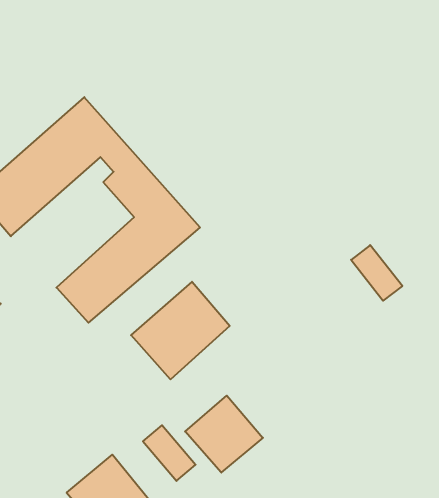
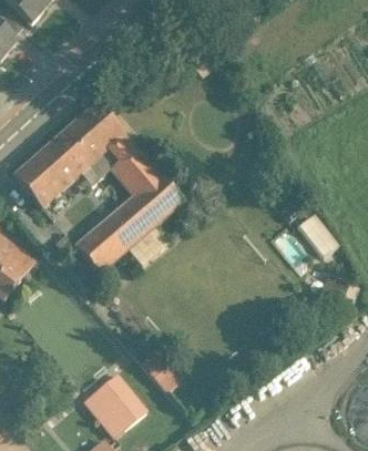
building: [131,282,230,379] -> none
building: [185,396,263,473] -> none

